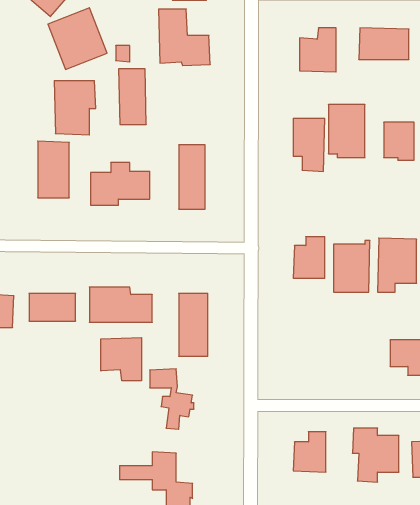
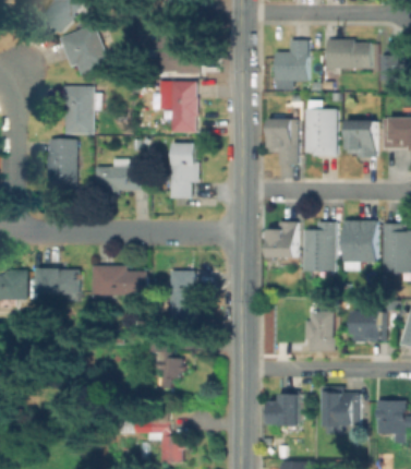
building: [119,69,146,124] -> [172,83,196,131]
building: [101,338,141,381] -> none
building: none -> [305,311,338,350]

